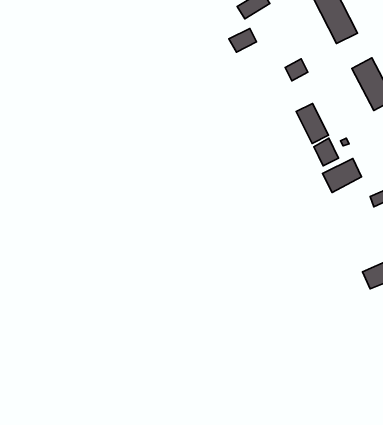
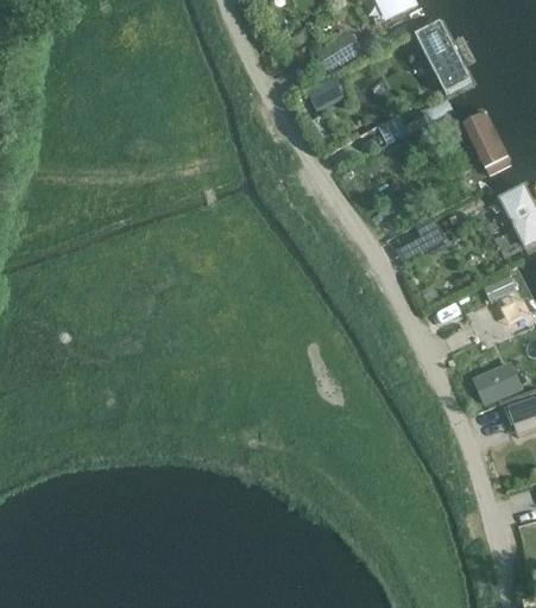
building: [296,103,329,143] -> none
building: [322,159,362,193] -> none

